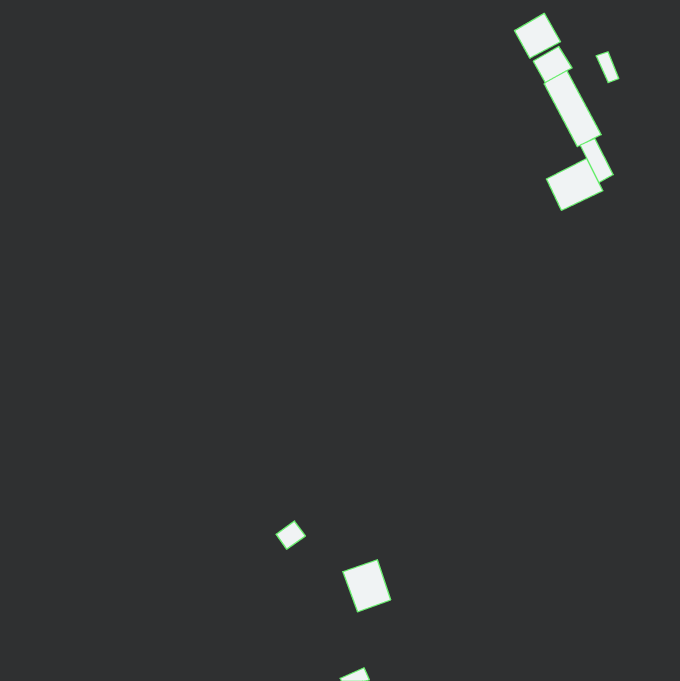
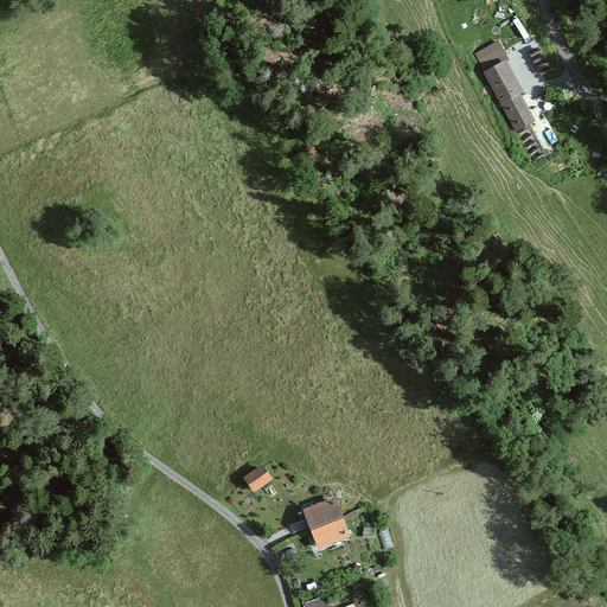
building: [515,13,560,58] -> none
building: [546,158,603,210] -> none

